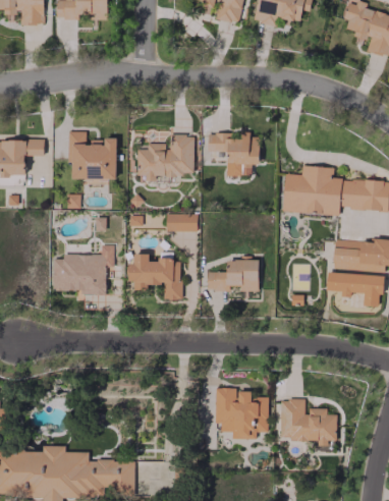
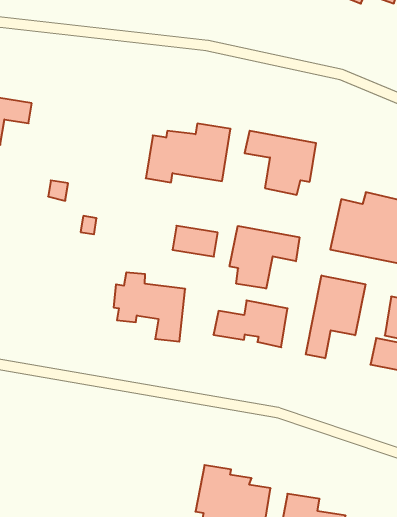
building: [68,130,117,178] -> none
building: none -> [230,226,299,289]
building: none -> [306,275,365,358]
building: [53,244,114,292] -> none

